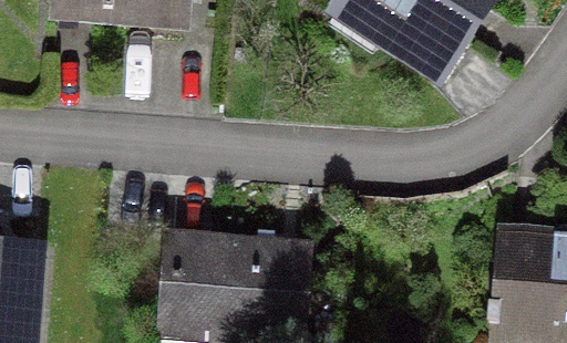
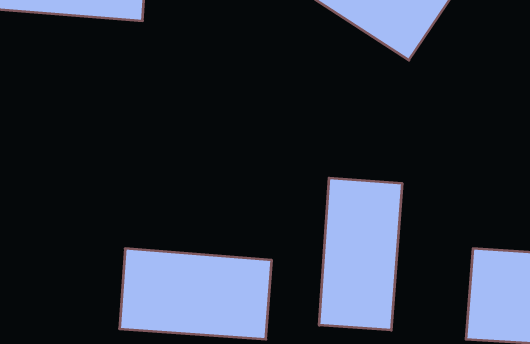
building: none -> [319,178,402,330]

